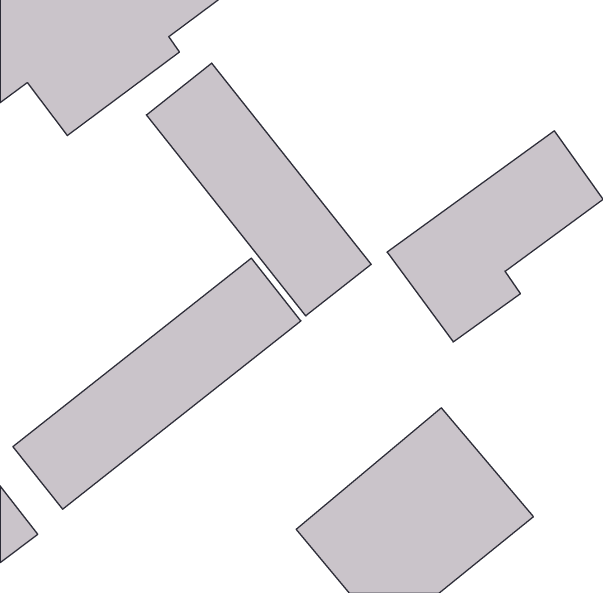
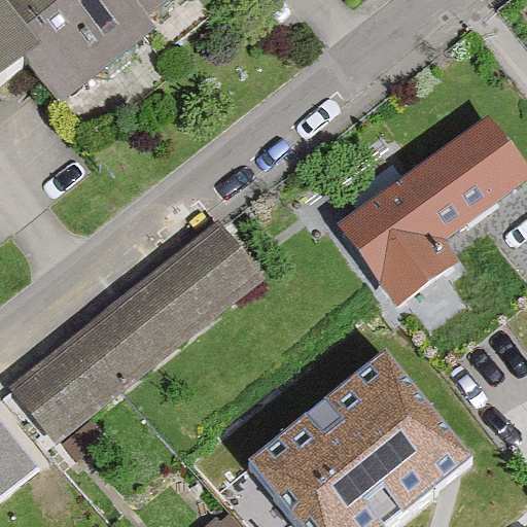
building: [146,63,371,316] -> none

